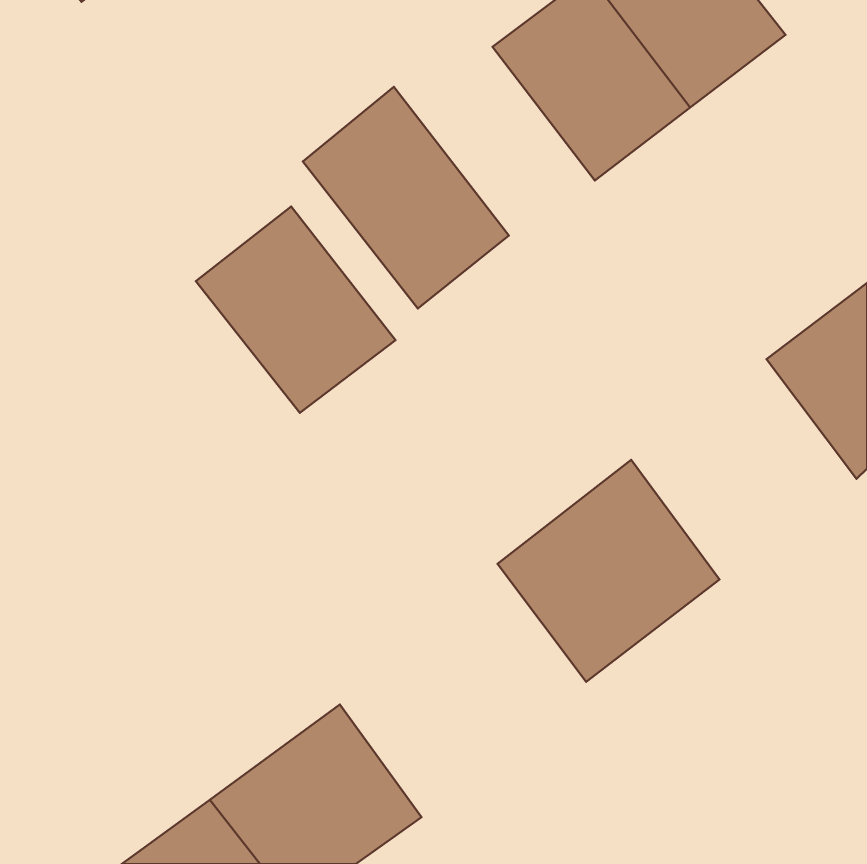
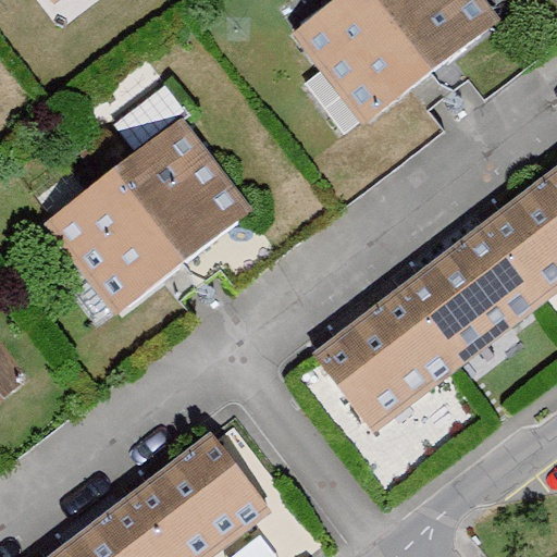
building: [303,87,509,309] -> none
building: none -> [58,176,188,310]
building: none -> [396,225,537,363]

